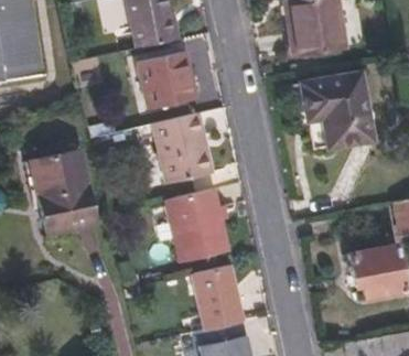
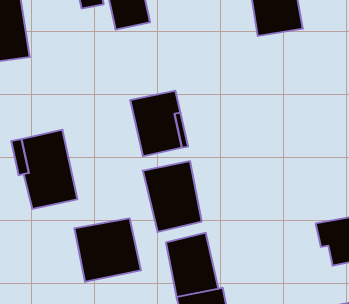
building: [141,51,203,111] -> none
building: [295,74,366,149] -> none
building: none -> [74,218,141,282]

